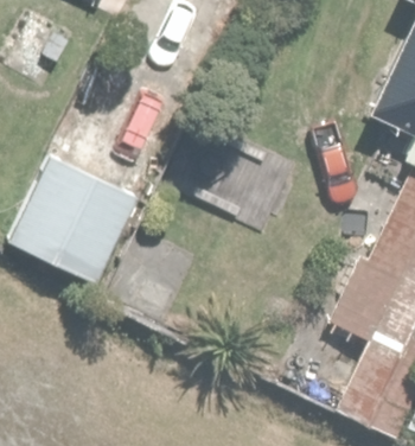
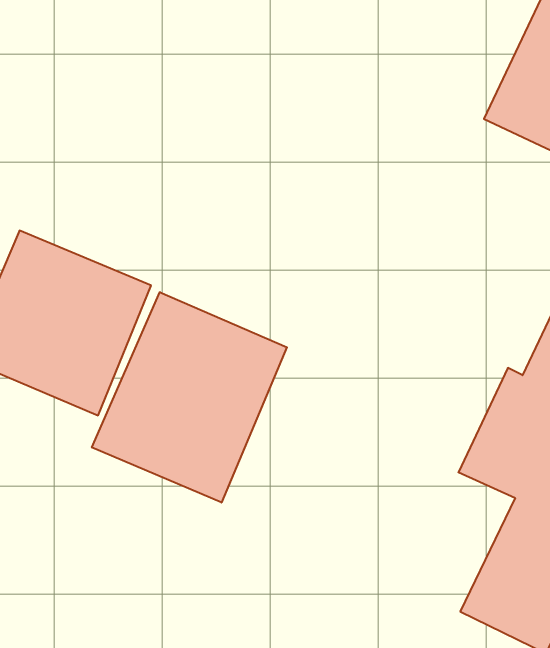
building: none -> [92,292,287,503]

